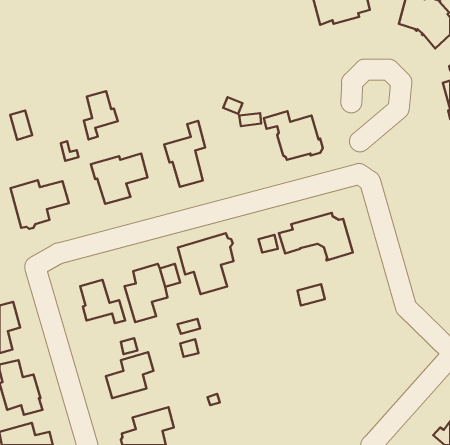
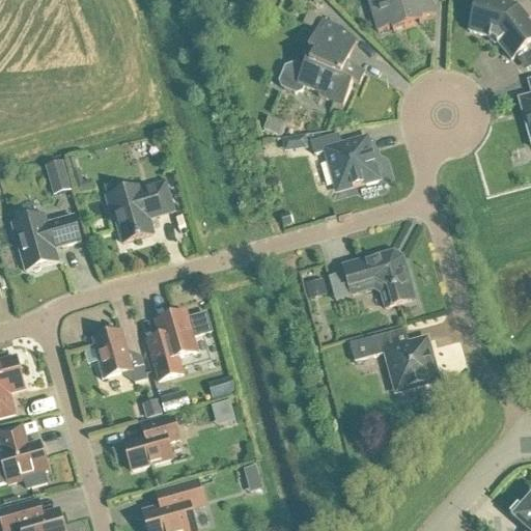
building: none -> [279,16,364,104]
building: [84,91,118,140] -> none
building: [10,111,32,140] -> [45,159,71,193]
building: [164,121,205,187] -> none
building: [178,233,234,294] -> none
building: none -> [386,338,437,389]

